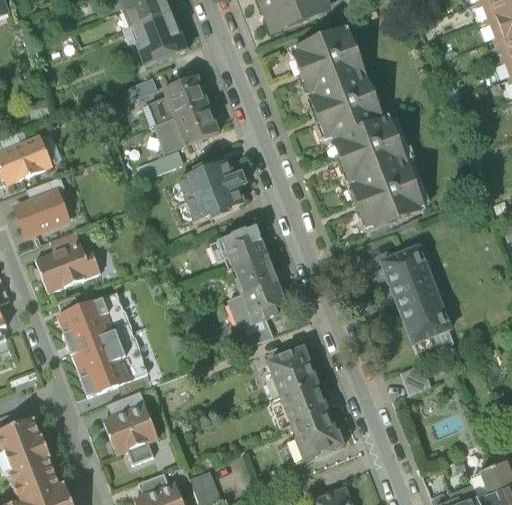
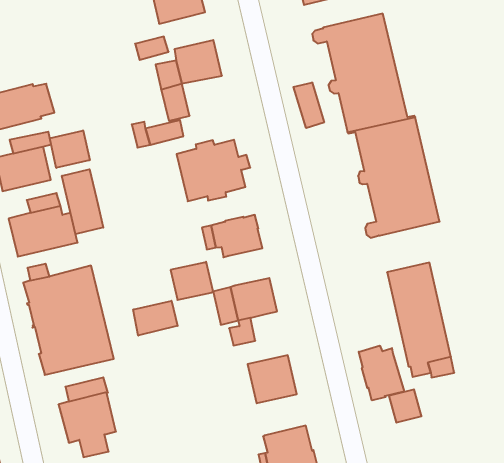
building: none -> [293,82,324,128]
building: [174,105,219,145] -> none
building: none -> [50,130,90,168]
building: none -> [62,169,103,234]
building: [237,254,278,292] -> [171,262,213,300]
building: none -> [133,301,178,336]
building: none -> [359,346,404,400]
building: [281,382,328,423] -> none

